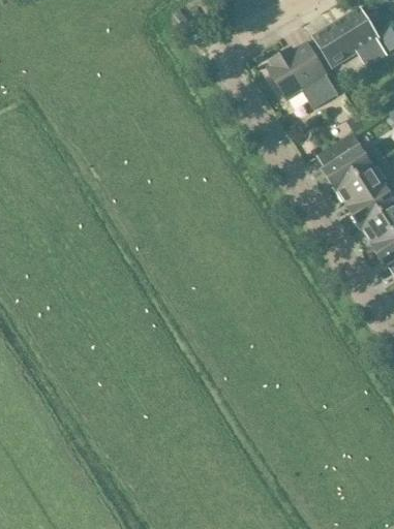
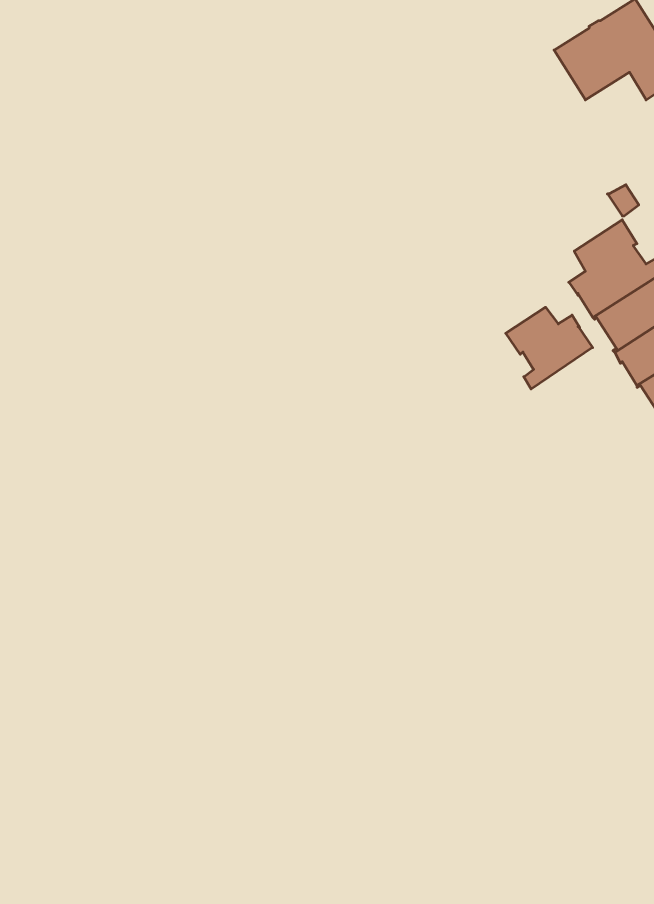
building: [267,42,338,108] -> none
building: none -> [506,307,593,389]

